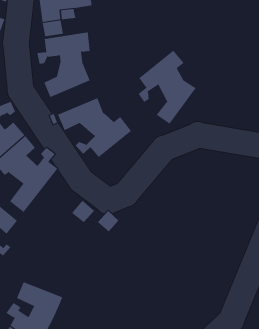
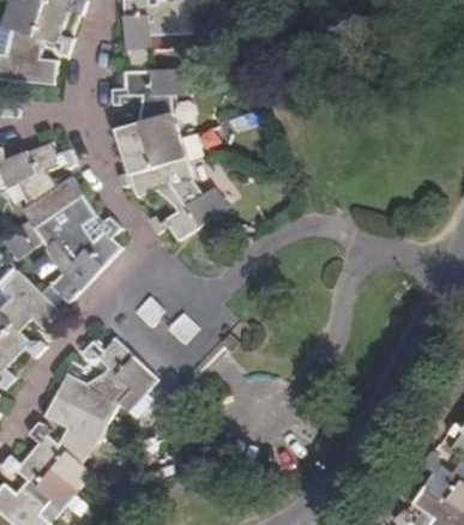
building: [138,50,197,125] -> none
building: none -> [122,134,186,174]
building: none -> [56,339,158,422]

